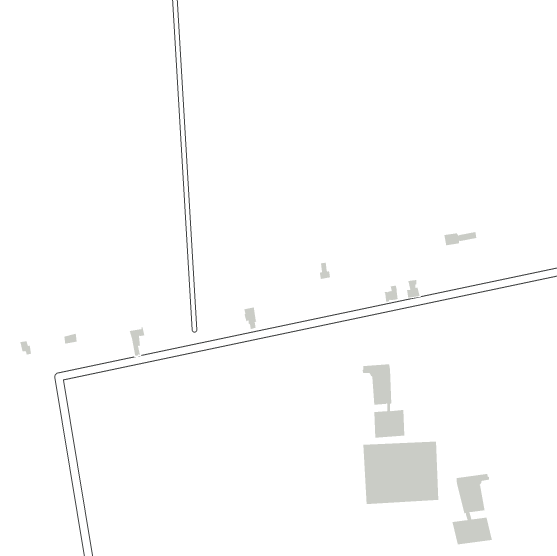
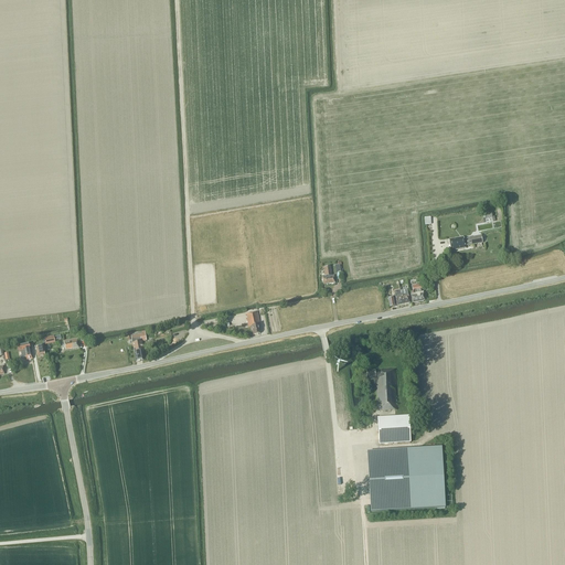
building: [452,473,492,545] -> none

